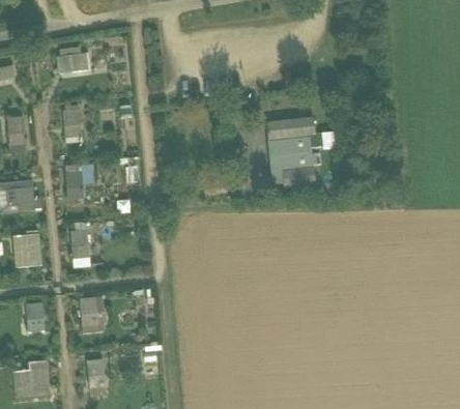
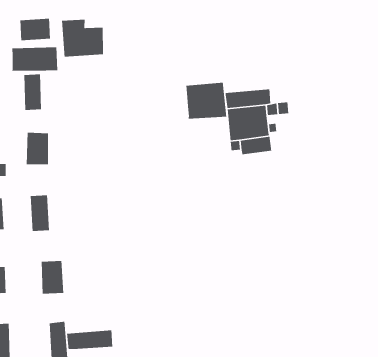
building: none -> [61,19,104,58]
building: none -> [11,47,58,72]
building: none -> [185,82,227,120]
building: none -> [66,329,113,350]

